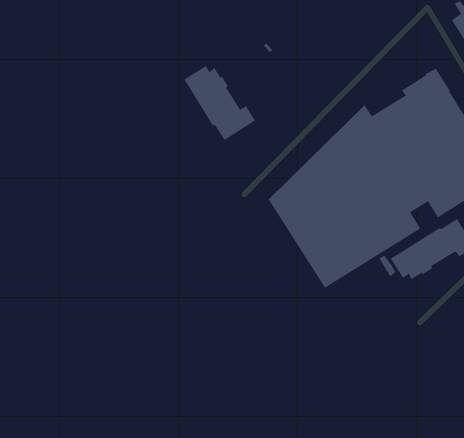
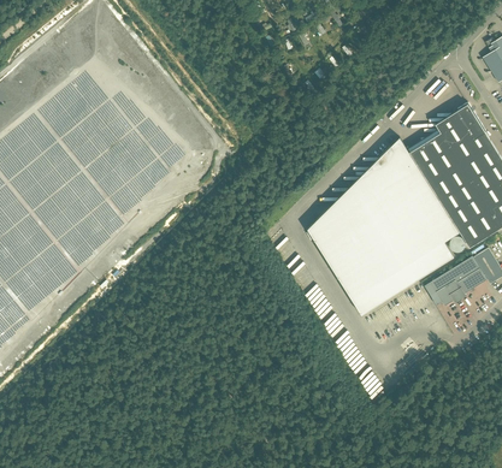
building: [183,65,256,141] -> none

